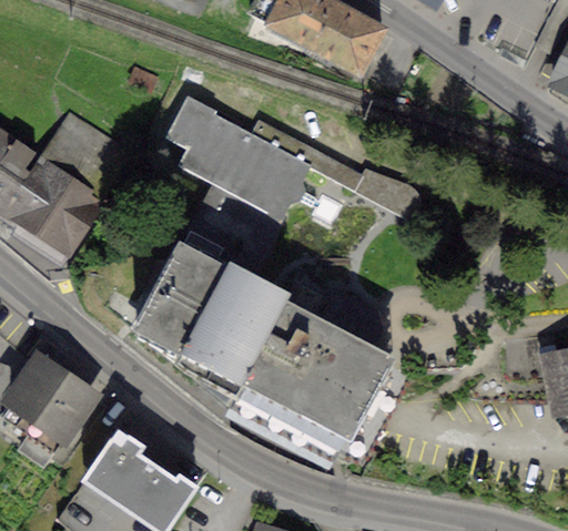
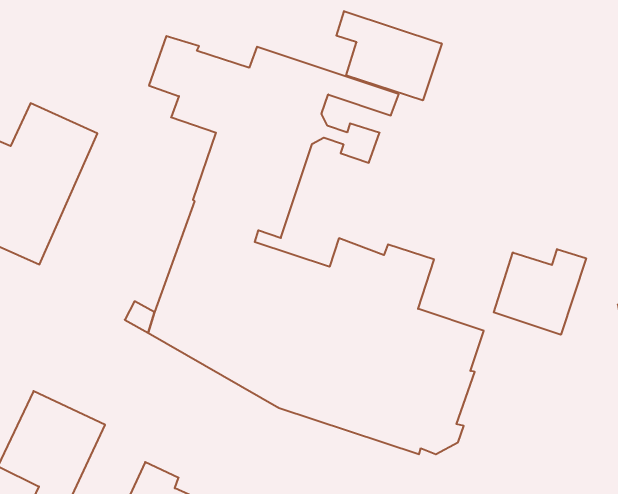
building: none -> [336,11,442,100]
building: none -> [494,249,586,335]

